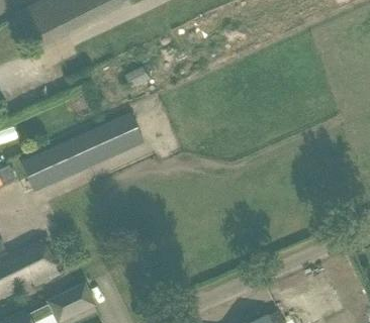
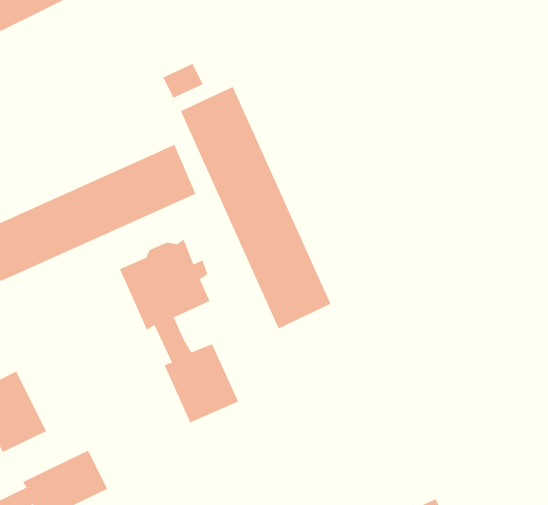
building: none -> [180,86,332,329]
building: none -> [119,239,239,424]

